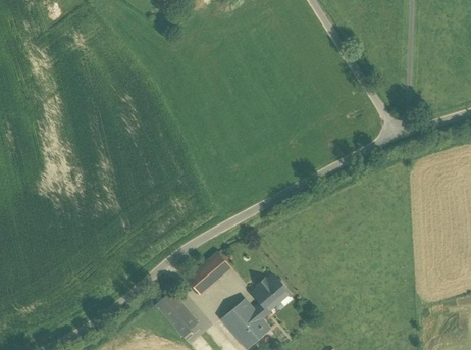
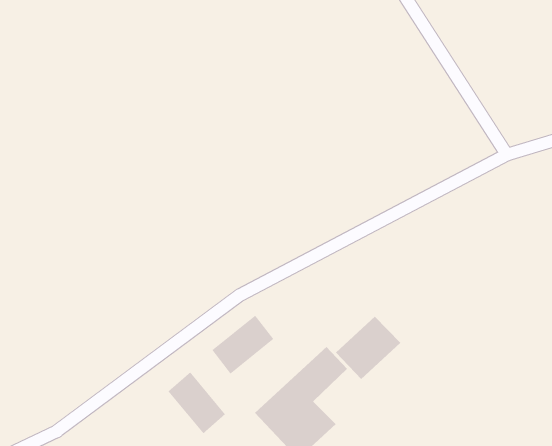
building: none -> [335,316,401,380]

